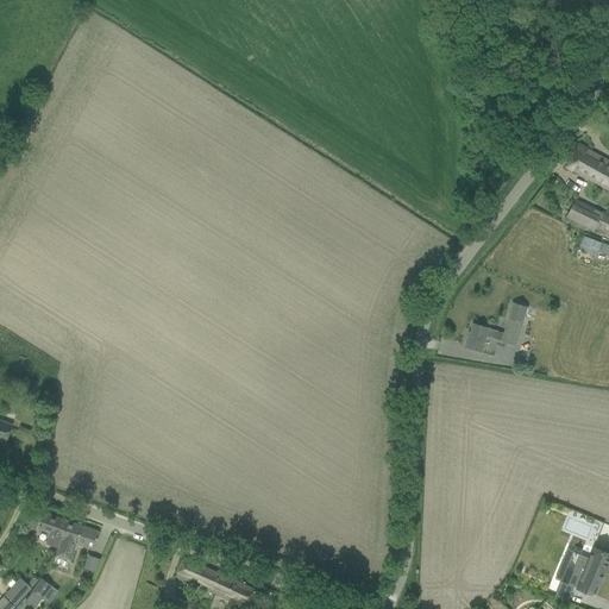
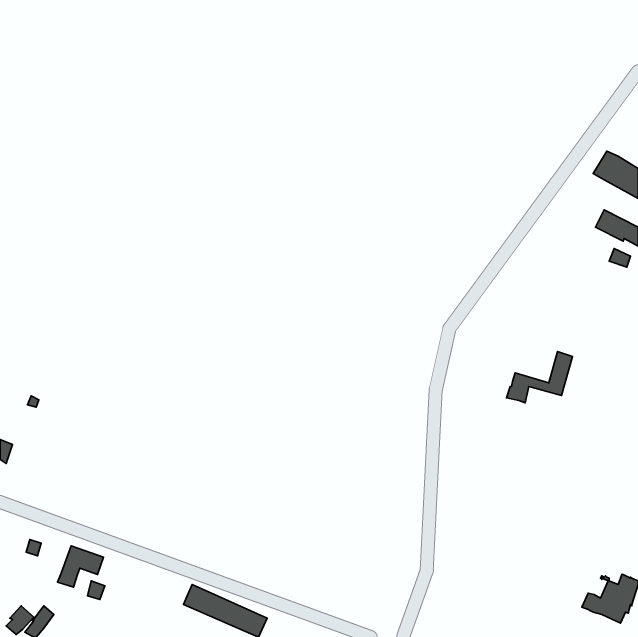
building: [464,302,527,351] -> [506,352,573,403]
building: [38,514,68,546] -> none

